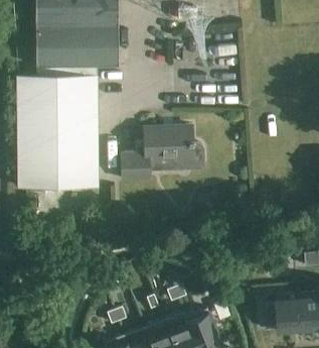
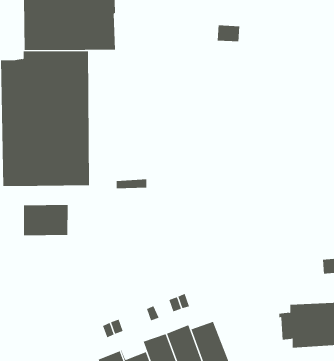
building: [123,126,204,181] -> none
building: none -> [24,204,68,236]

